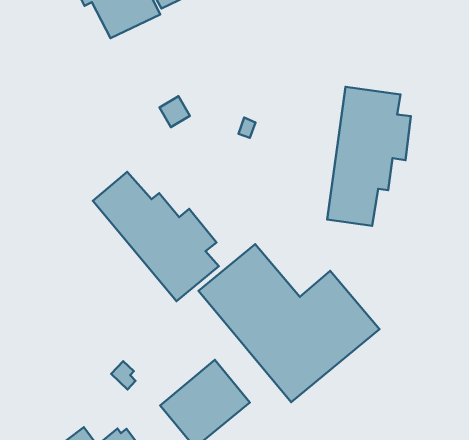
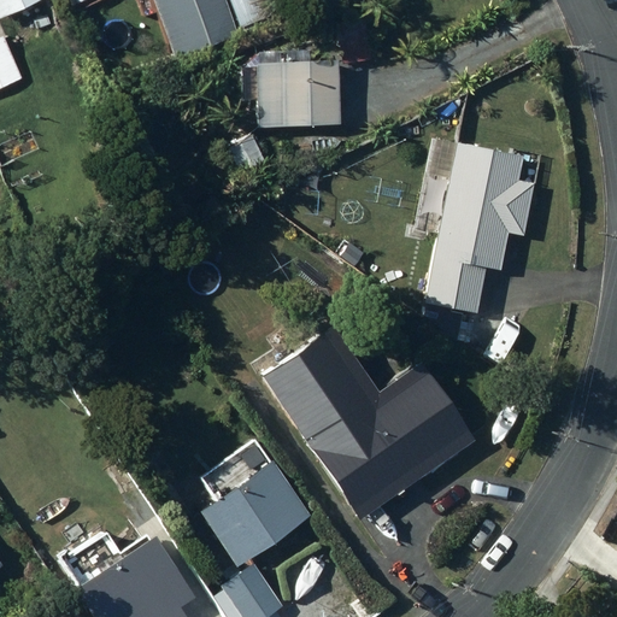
building: none -> [246,40,372,125]
building: [93,172,219,301] -> none

